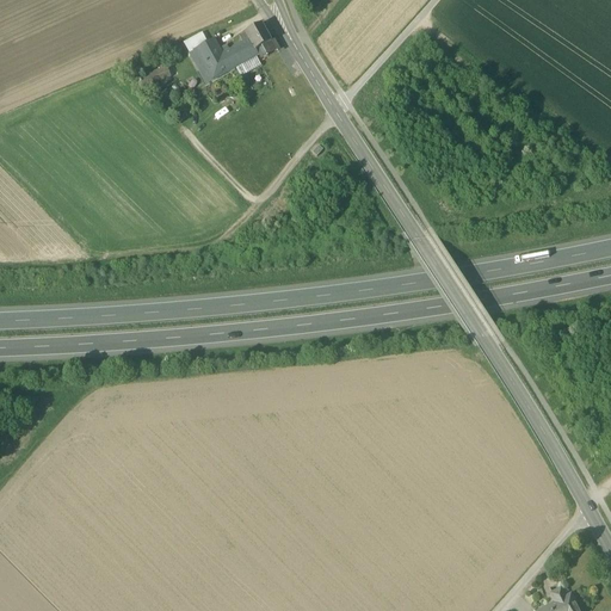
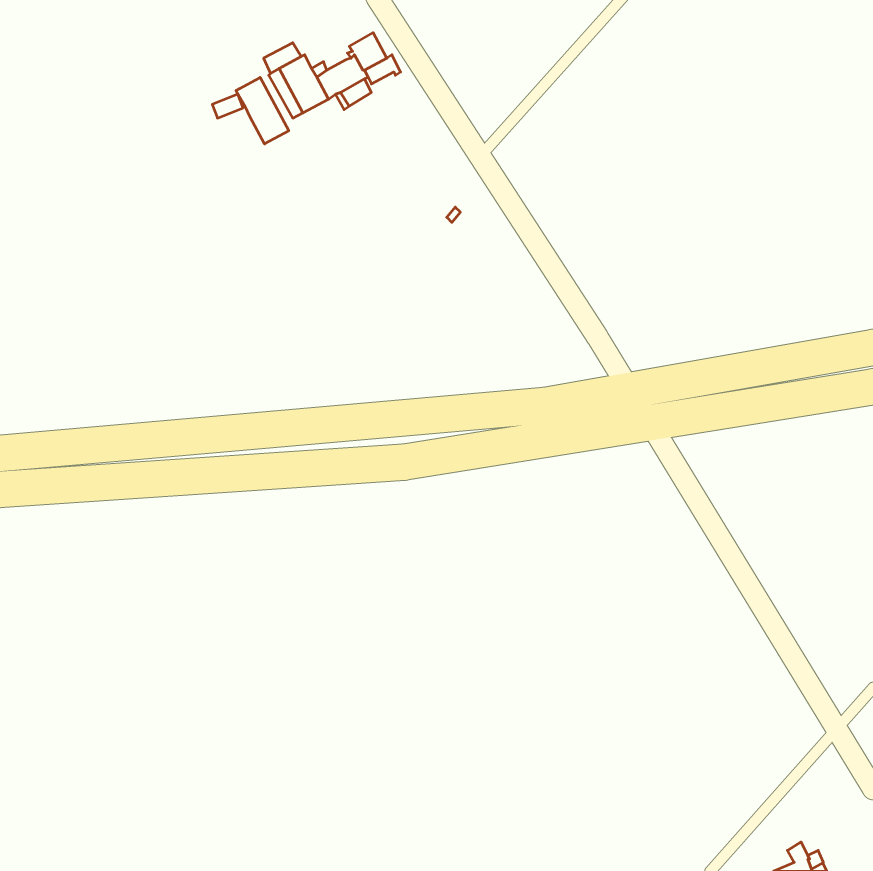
building: none -> [236,77,289,144]

